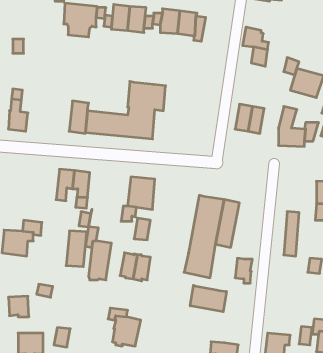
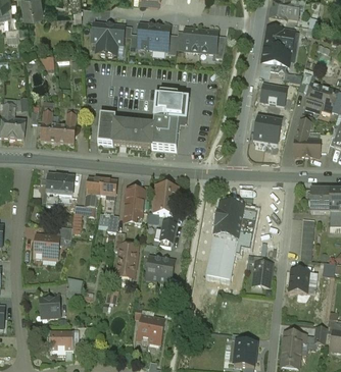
building: none -> [263,25,293,51]
building: none -> [260,84,286,105]
building: none -> [56,113,76,143]
building: none -> [46,173,72,206]
building: none -> [309,189,330,210]
building: [66,231,87,267] -> [124,190,143,223]
building: none -> [289,268,308,291]
building: [190,285,226,312] -> none

